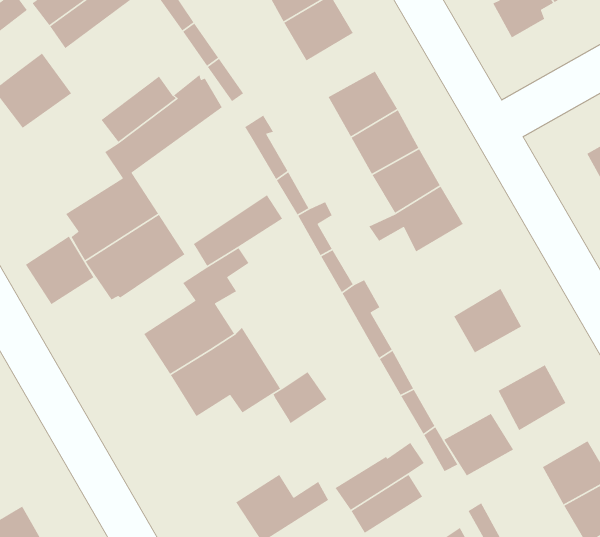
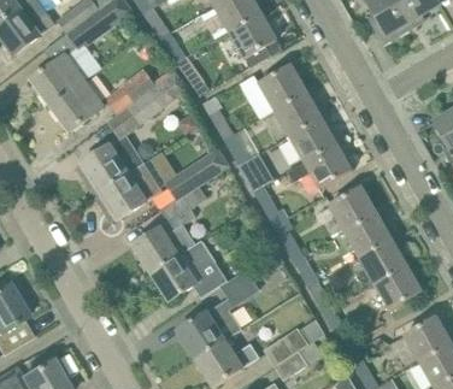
building: none -> [51,79,104,130]
building: [25,236,94,305] -> none
building: none -> [328,185,376,231]
building: [443,413,514,477] -> [358,238,406,282]
building: none -> [176,299,241,358]

